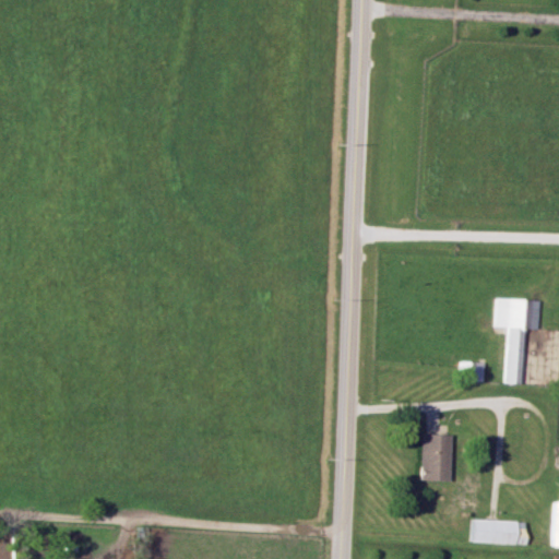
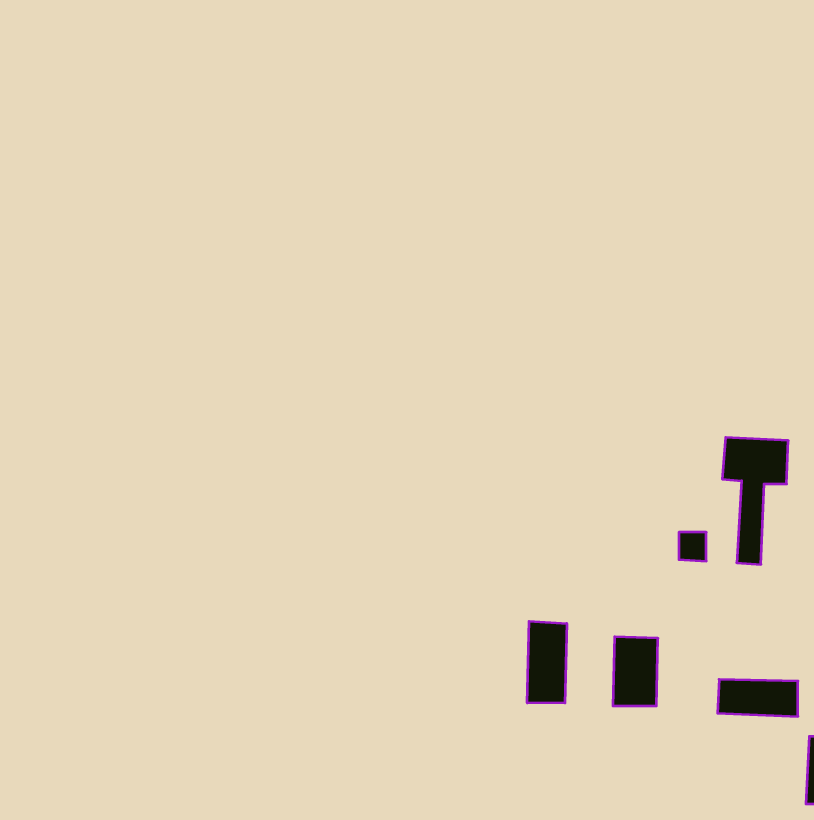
building: none -> [527,621,567,703]
building: [473,520,527,545] -> [718,679,798,716]

